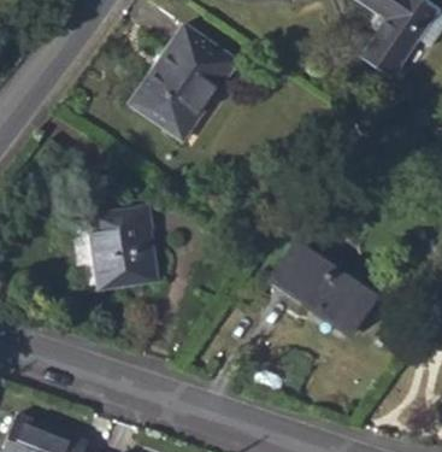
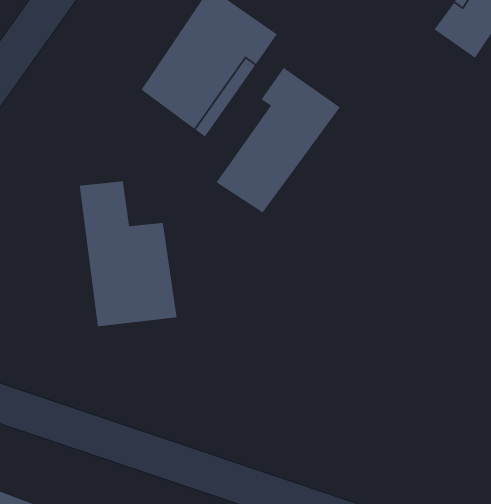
building: none -> [215,67,341,214]
building: [271,240,378,334] -> none

